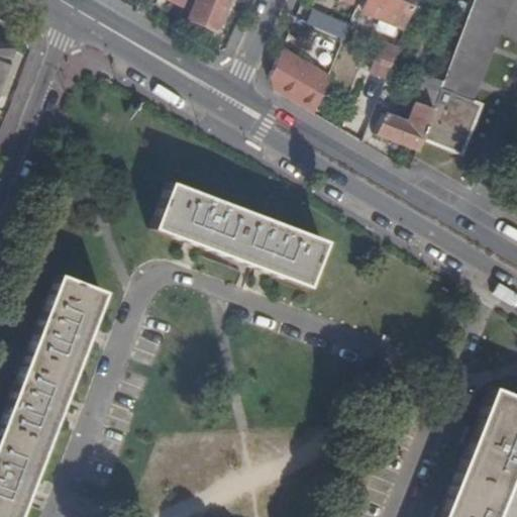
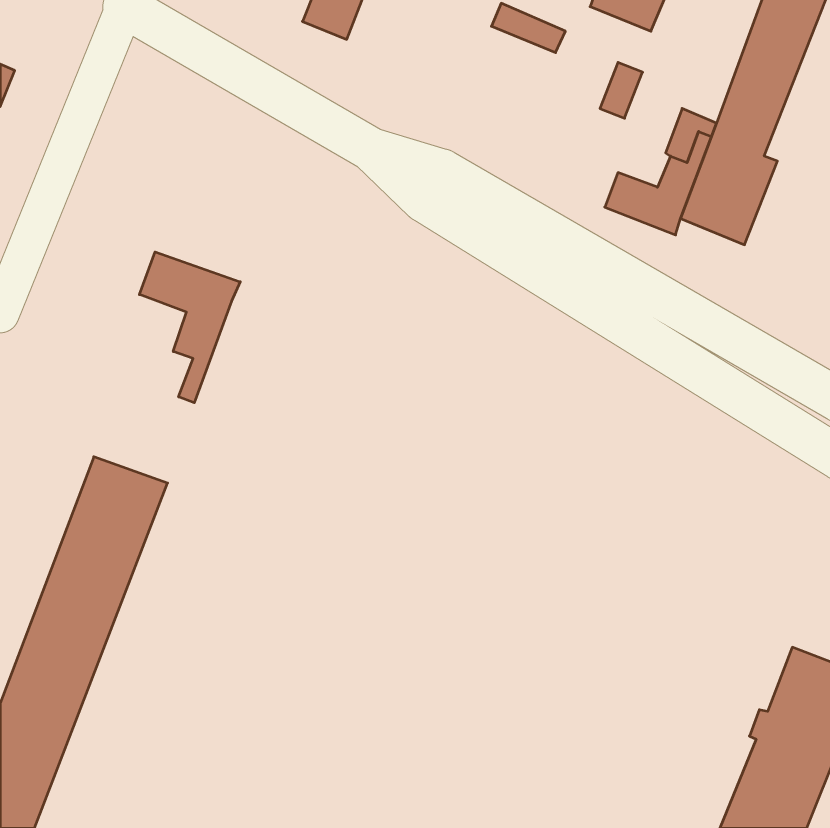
building: [273,43,332,108] -> none
building: none -> [139,252,240,403]
building: [154,191,325,294] -> none

